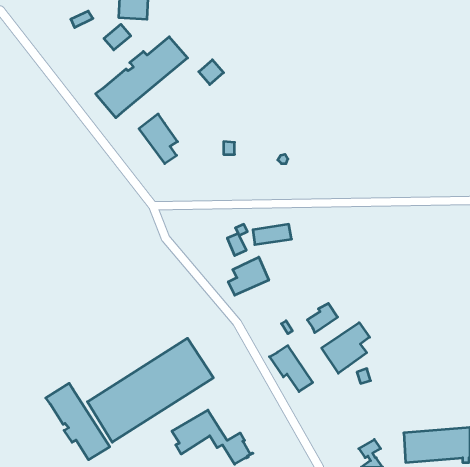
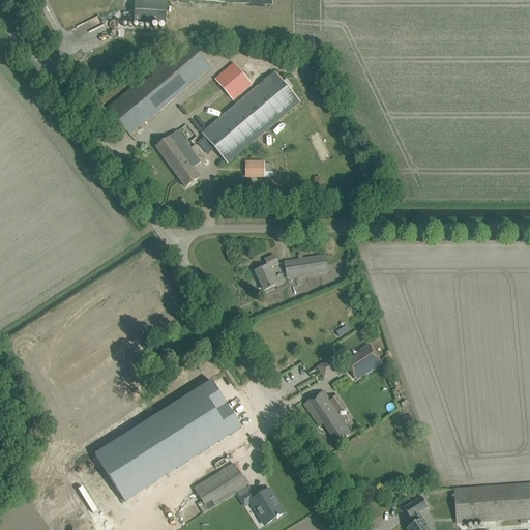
building: [104,24,131,50] -> none
building: none -> [202,69,300,161]
building: [228,257,269,295] -> none
building: [322,323,370,373] -> none
building: [46,383,110,460] -> none

